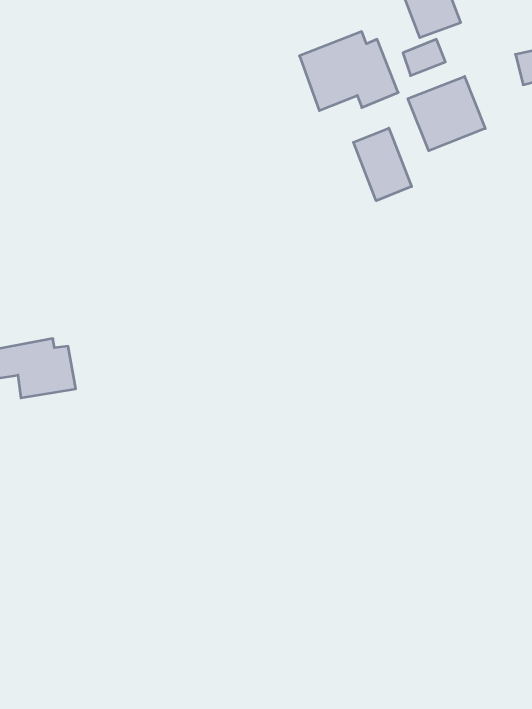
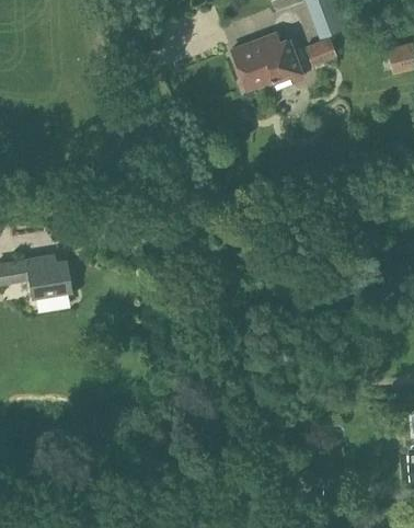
building: [408,76,485,151] -> none
building: [353,128,412,201] -> none

